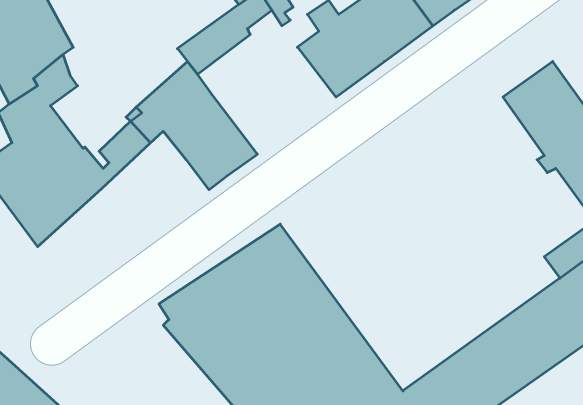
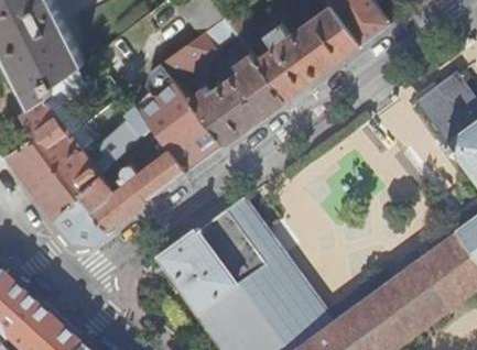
building: none -> [189,54,285,144]
building: none -> [55,149,187,244]

